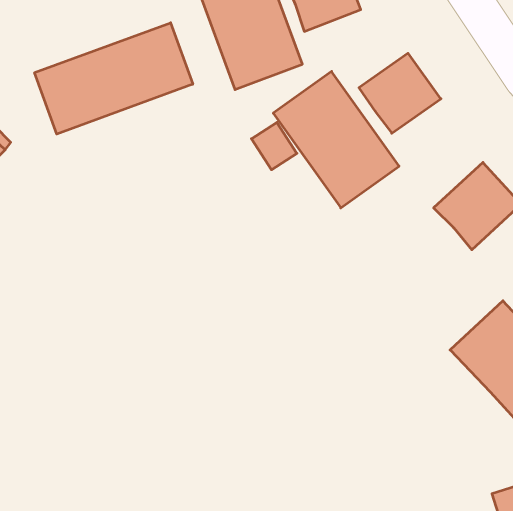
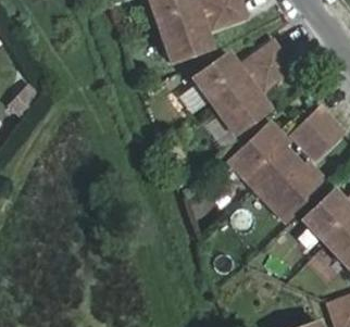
building: [35,23,193,134] -> none
building: none -> [229,122,325,218]

